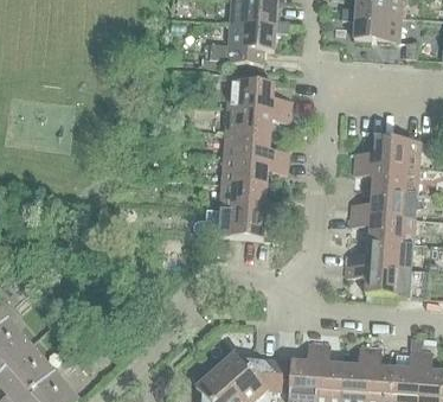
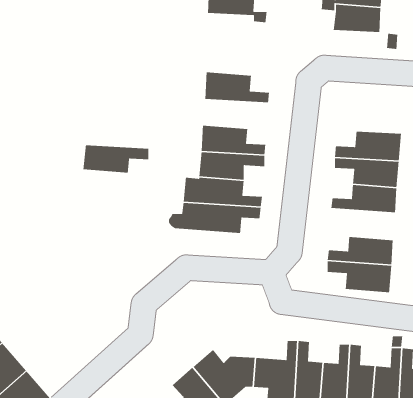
building: [201,23,275,66] -> none
building: [225,107,290,135] -> [83,145,149,174]
building: [351,213,415,244] -> none

